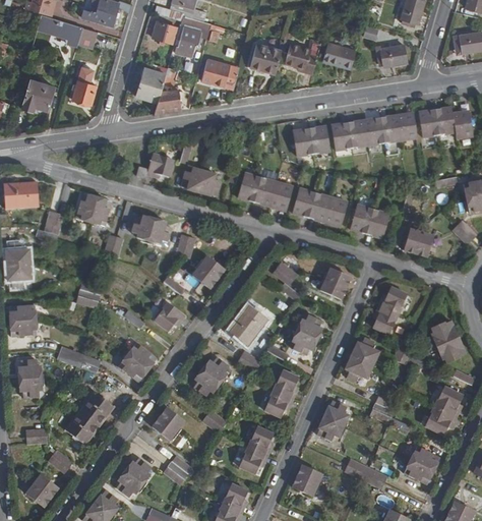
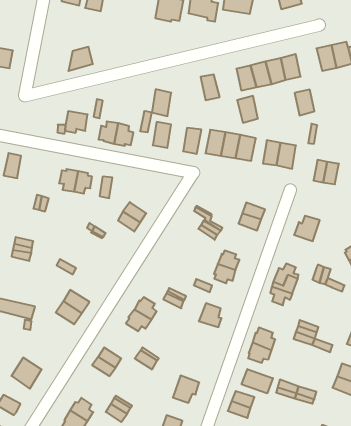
building: [203,60,240,88] -> none
building: [136,68,166,102] -> none
building: [397,113,416,139] -> [295,90,314,115]
building: [308,126,328,154] -> [237,96,258,123]
building: [252,178,275,208] -> [152,89,171,116]
building: [91,197,111,225] -> none
building: [155,303,183,329] -> none
building: [229,304,267,345] -> none
building: [374,306,398,333] -> none
building: [260,389,290,416] -> none
building: [80,392,114,425] -> none
building: [245,427,268,454] -> none
building: none -> [242,369,273,393]

